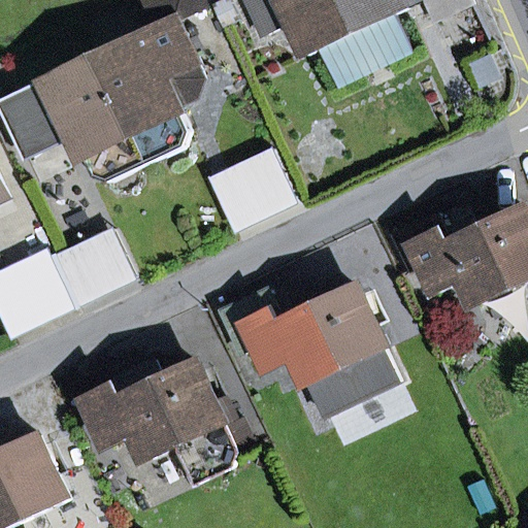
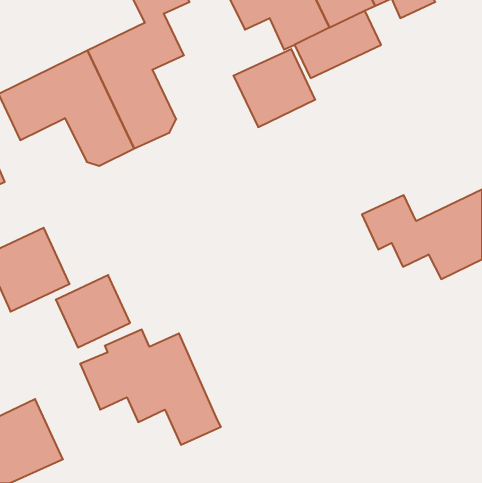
building: [208,146,297,231] -> [233,49,315,127]
building: [56,227,136,305] -> [56,275,130,347]
building: [222,285,399,415] -> none

